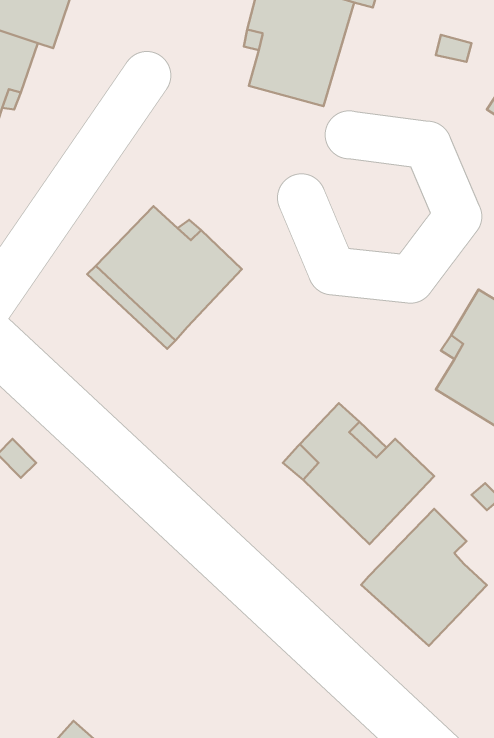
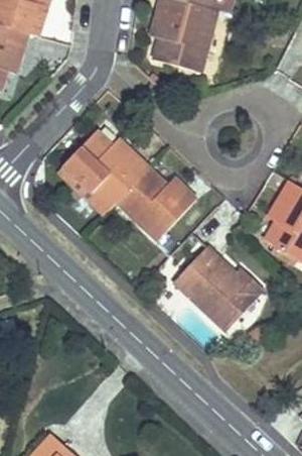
building: none -> [118,167,195,239]
building: [361,509,487,646] -> none

